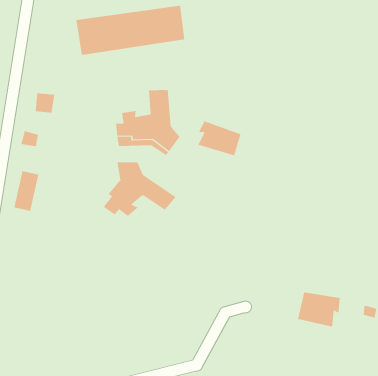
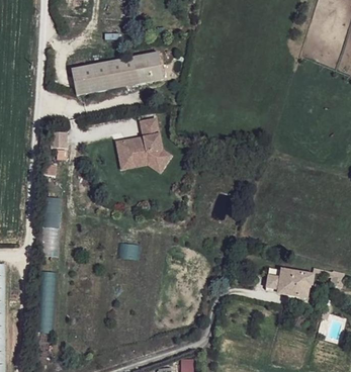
building: [198,120,241,156] -> none
building: [103,161,177,217] -> none

